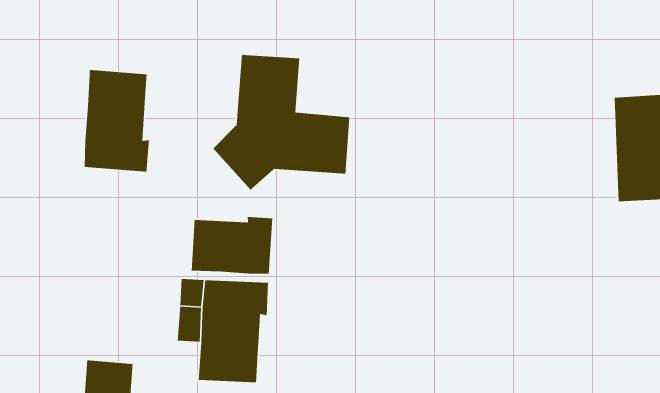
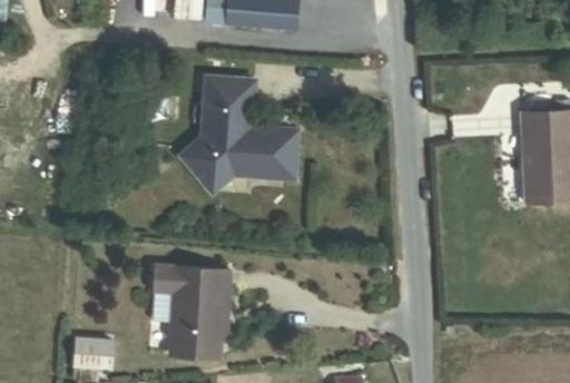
building: [84,69,150,173] -> none
building: [191,216,273,274] -> none

